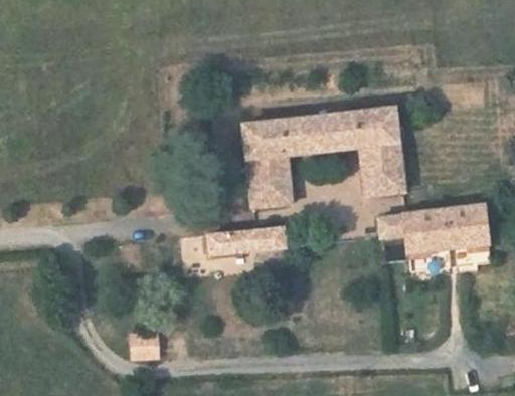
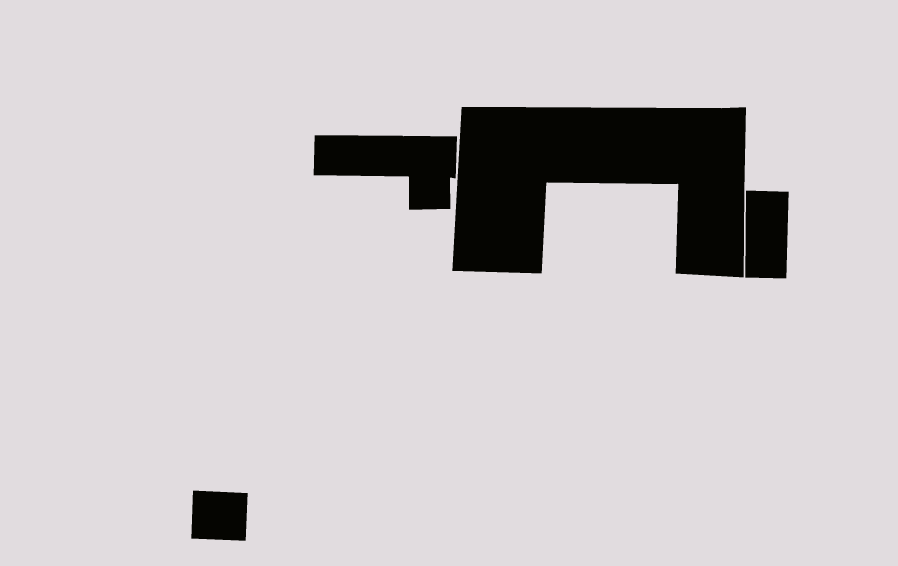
building: [384,209,485,274] -> none
building: [205,227,282,268] -> [313,135,458,210]

